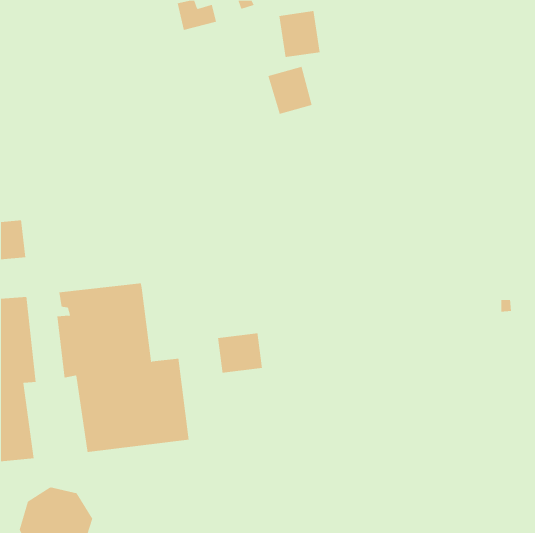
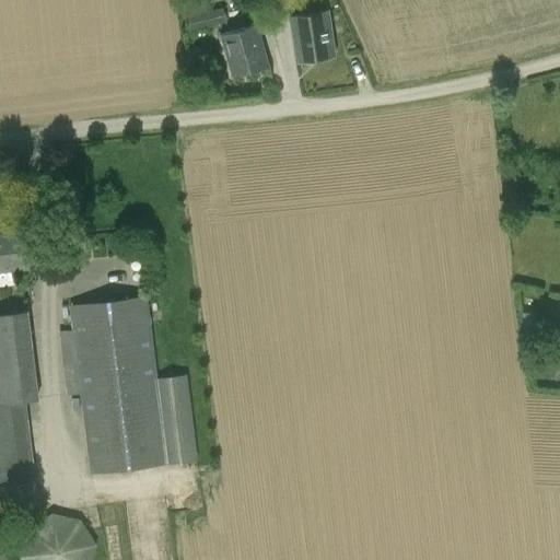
building: [268,66,313,114] -> [221,27,268,78]
building: [218,333,262,373] -> none

